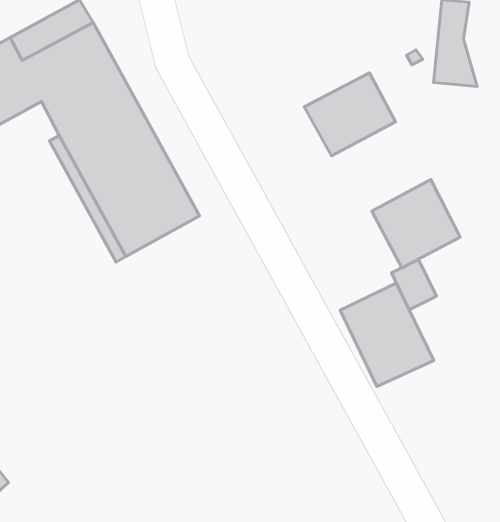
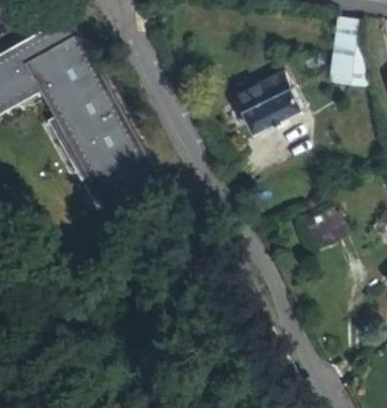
building: [372,179,460,268] -> none
building: [340,283,434,386] -> none

